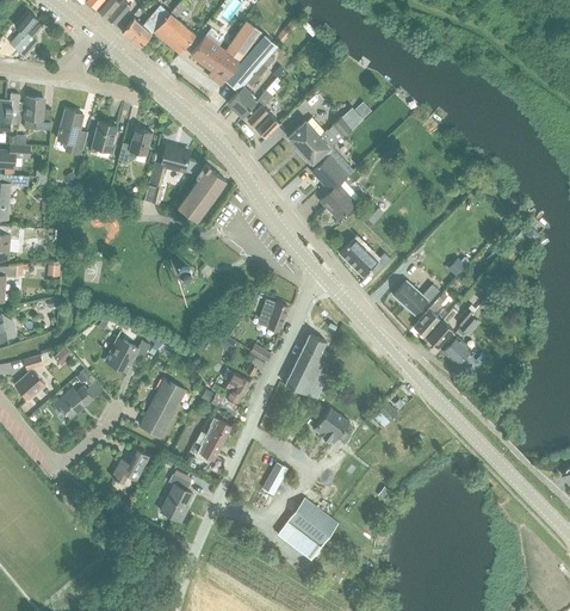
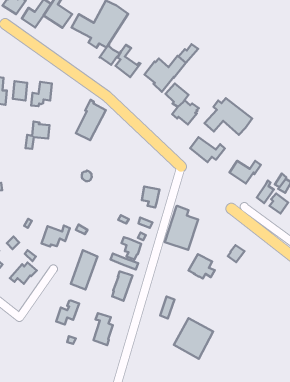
building: [149,143,188,183] -> [26,121,50,149]
building: none -> [205,98,252,135]
building: [413,295,447,338] -> none

